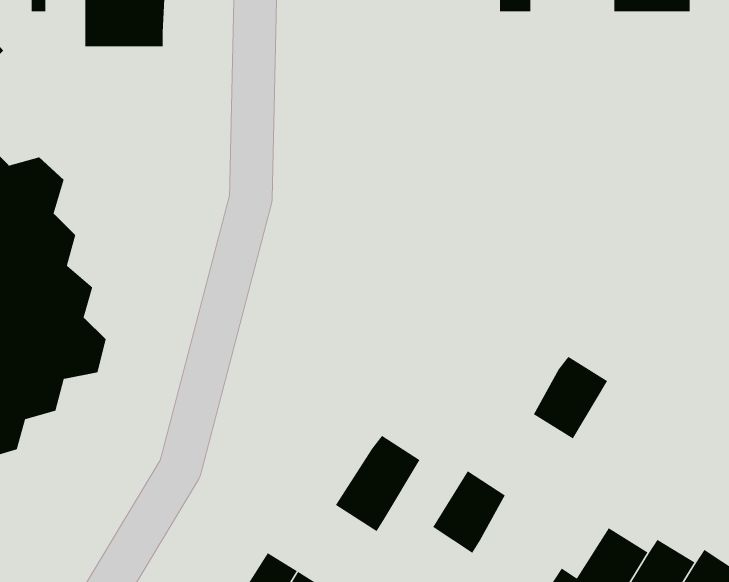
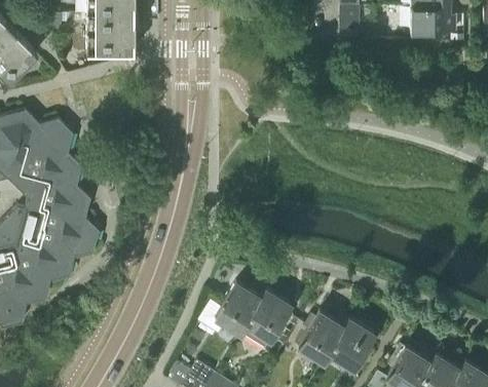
building: [533,356,608,440] -> [328,318,374,370]
building: none -> [214,282,261,333]

